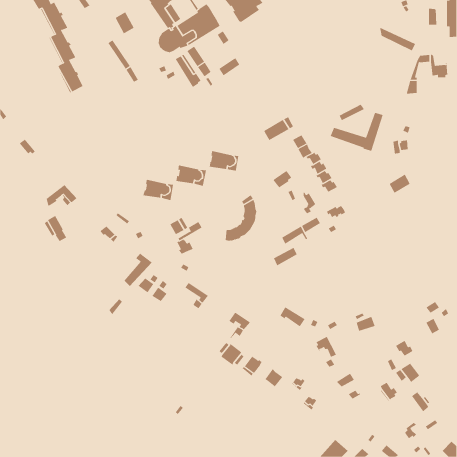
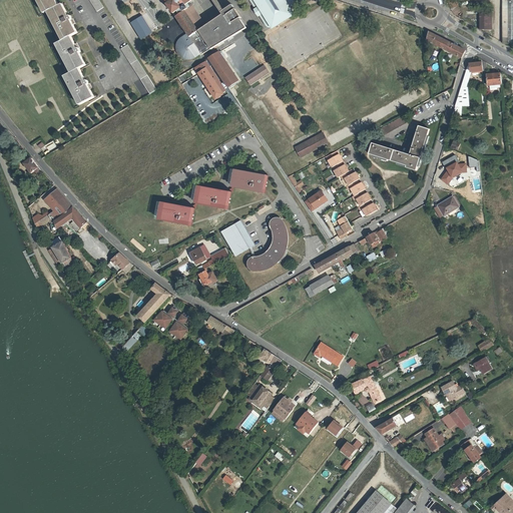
building: none -> [33,188,72,226]
building: none -> [220,218,254,254]

